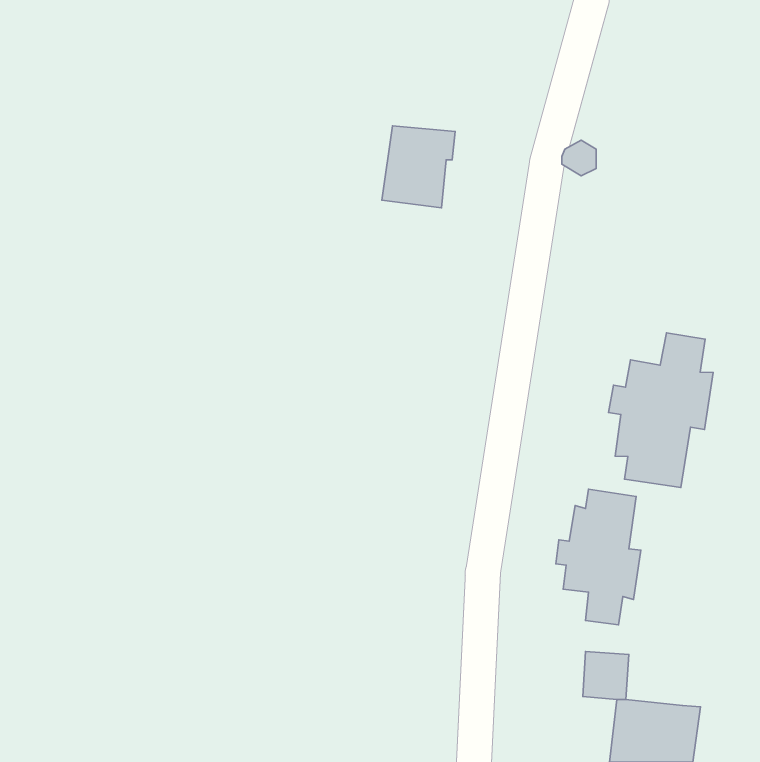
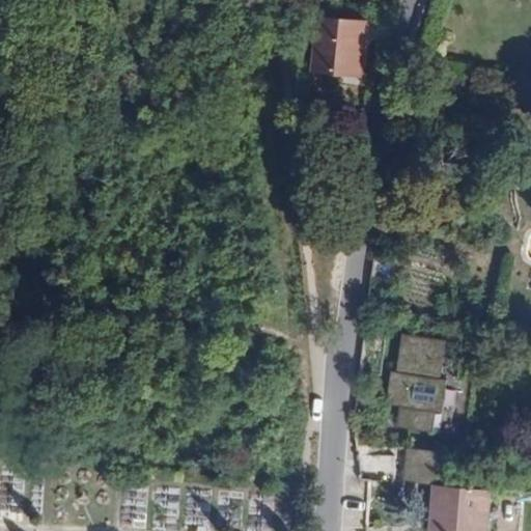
building: [382,126,455,208] -> [322,21,372,78]
building: [608,333,713,487] -> none

